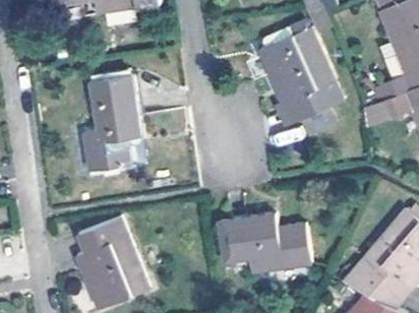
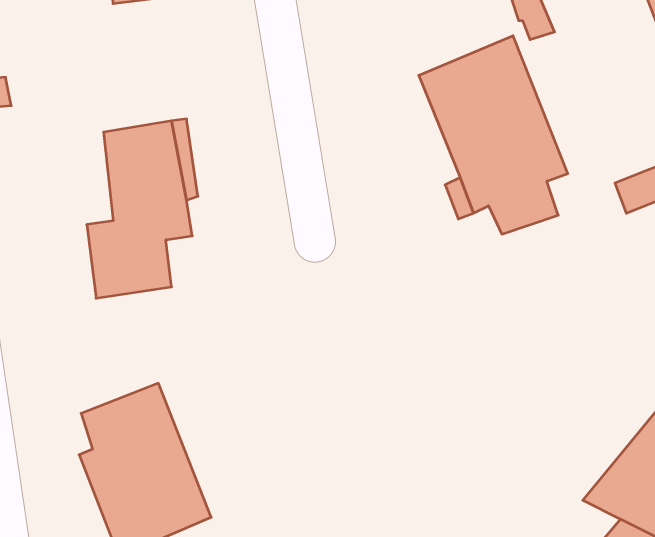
building: [231,214,312,271] -> none

